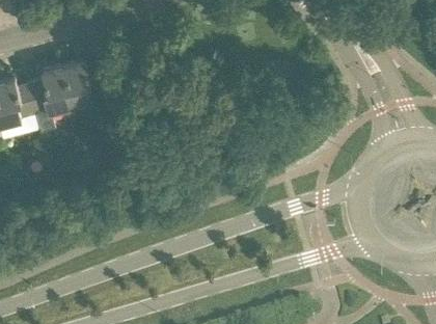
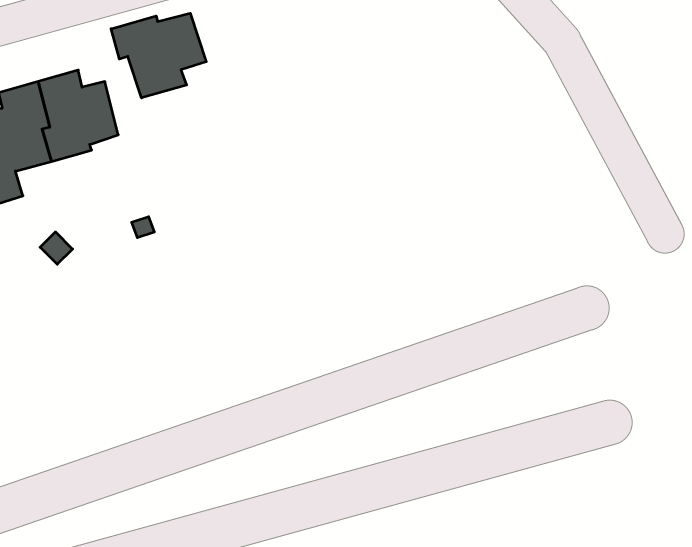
building: none -> [111,13,206,98]

